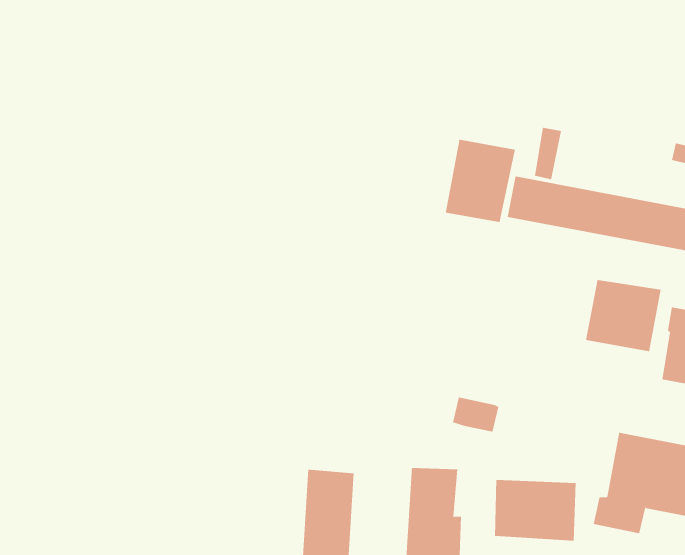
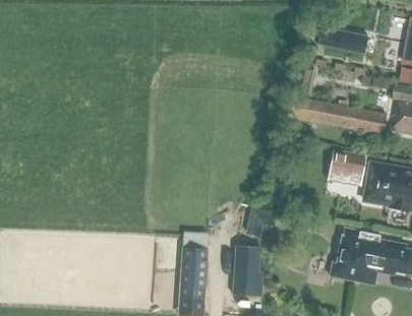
building: [445,139,515,223] -> none
building: [494,479,576,542] -> none

